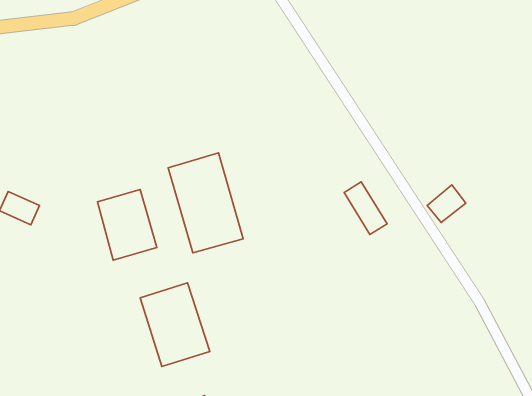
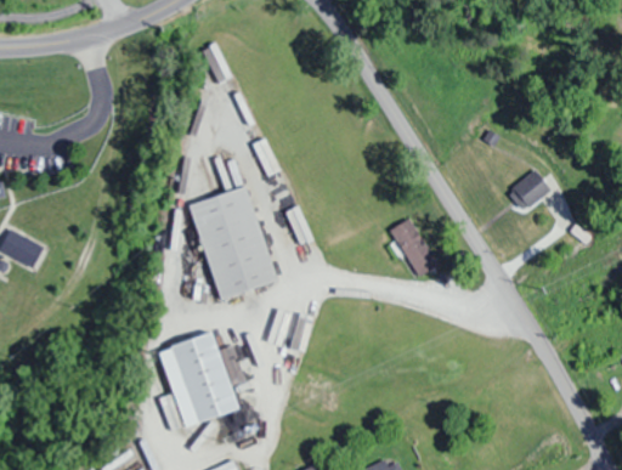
building: [427,185,466,223] -> [508,169,552,211]
building: [97,190,157,260] -> none

